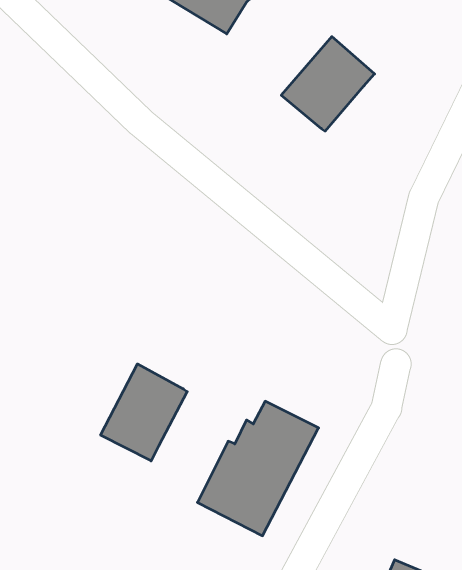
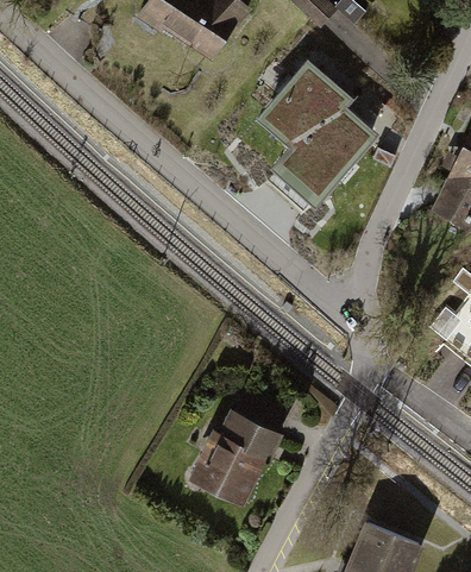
building: none -> [281,108,370,199]
building: [101,364,187,461] -> none

